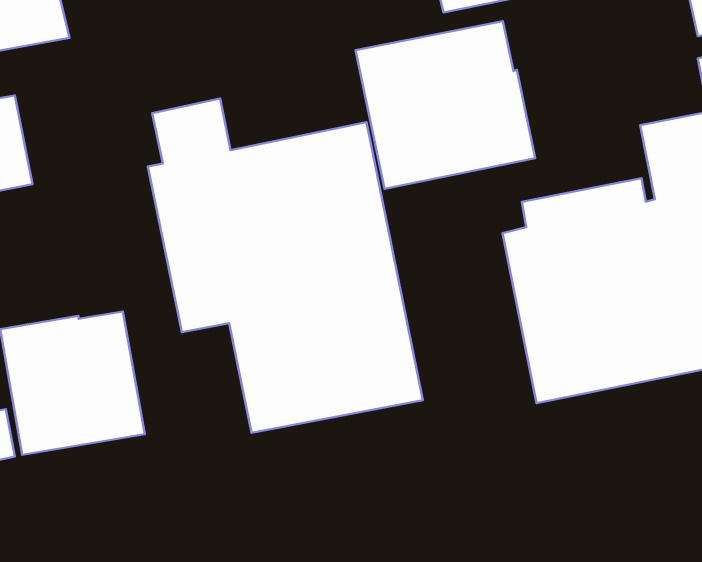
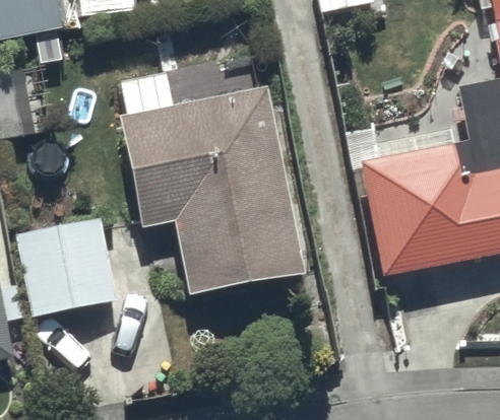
building: [356,21,535,189] -> none

